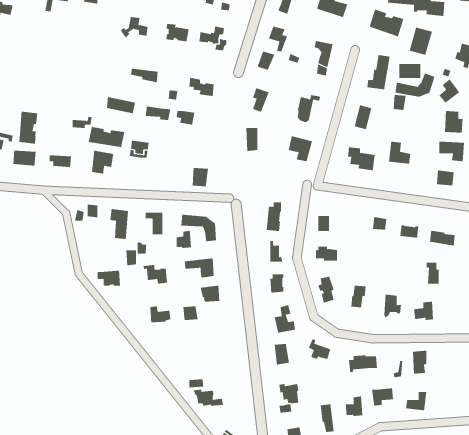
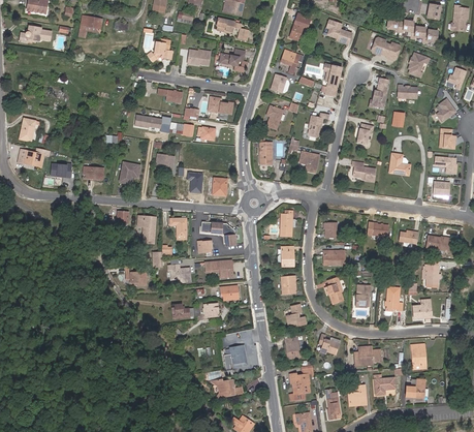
building: [395,73,435,97] -> none
building: [19,111,38,144] -> none
building: [88,126,125,148] -> none
building: none -> [224,345,247,368]

